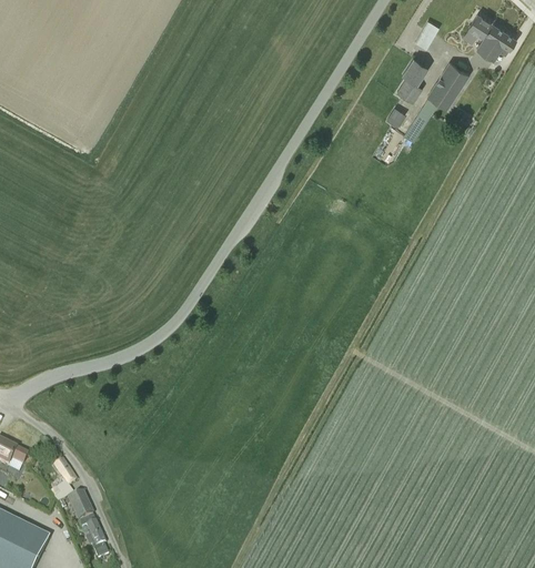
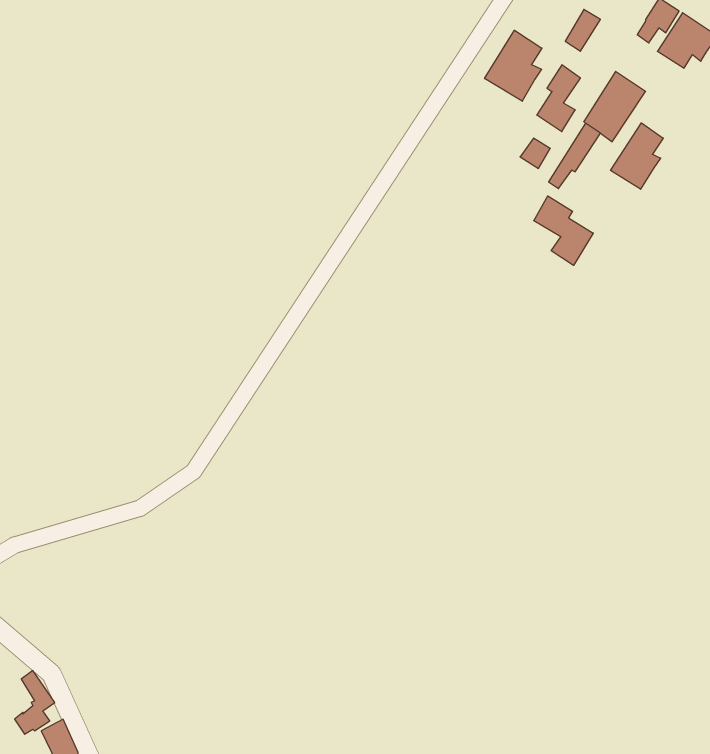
building: none -> [485,30,542,101]
building: none -> [611,123,663,189]
building: none -> [534,196,593,265]

